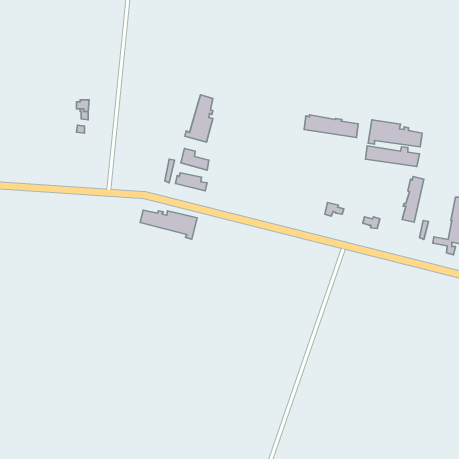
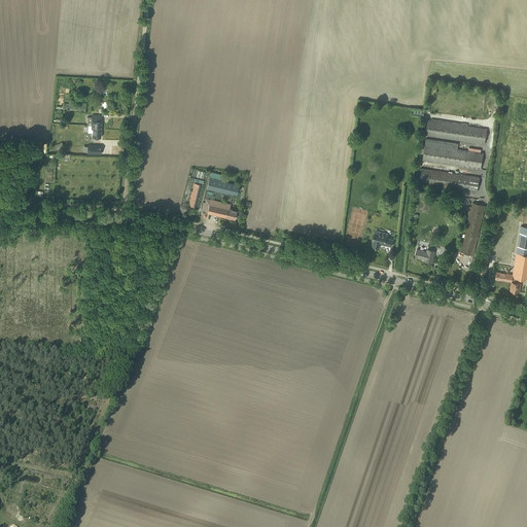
building: [185,95,213,142] -> none
building: [304,115,358,137] -> [426,117,488,143]
building: [140,210,197,239] -> none

